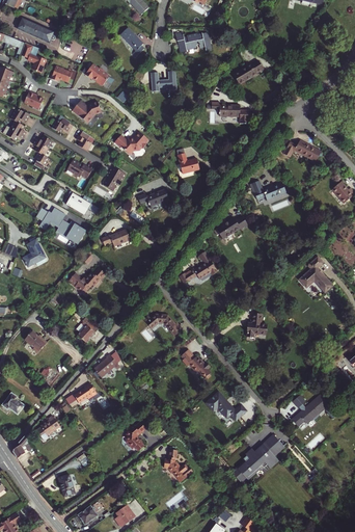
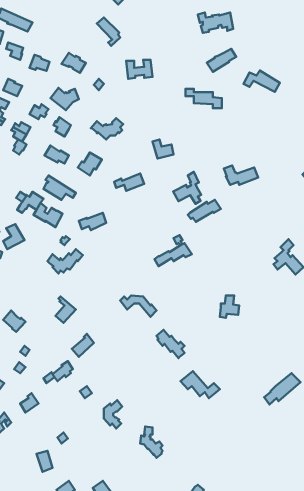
building: [175,32,212,53] -> [198,13,233,33]
building: [283,140,321,162] -> [244,71,280,92]
building: none -> [173,172,201,204]
building: [230,434,286,485] -> none

